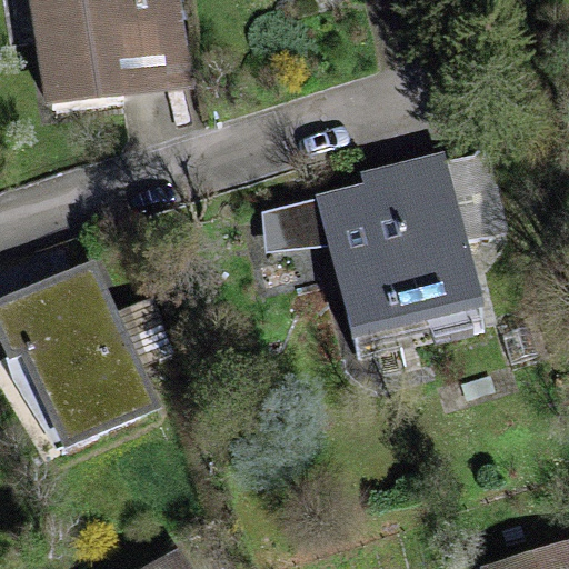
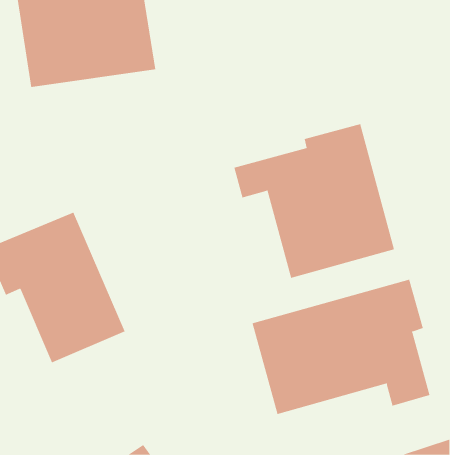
building: none -> [252,279,430,415]

